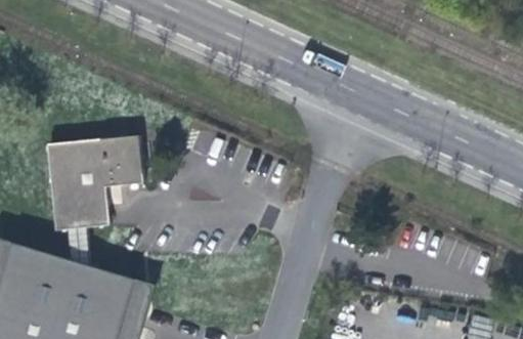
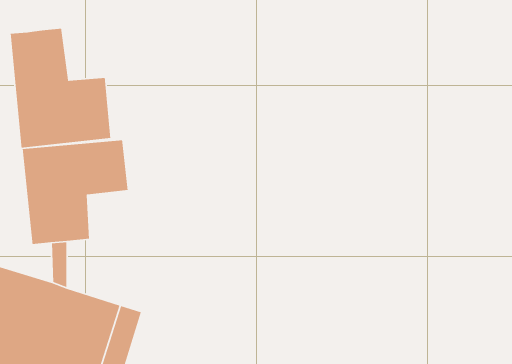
building: none -> [10,28,111,149]

